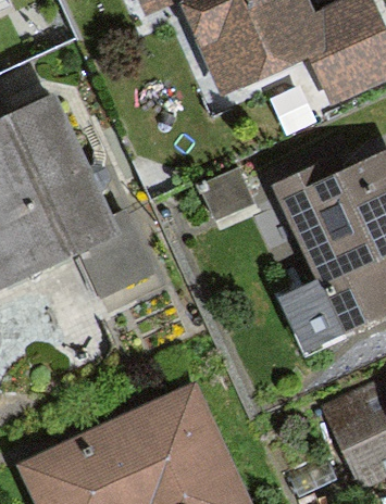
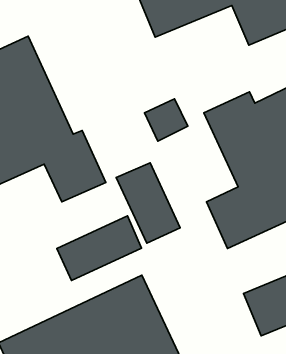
building: none -> [116,163,180,243]
building: none -> [57,216,141,280]

